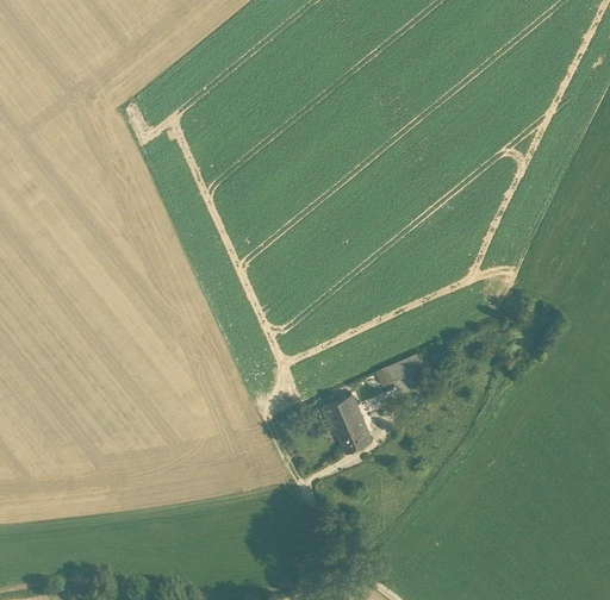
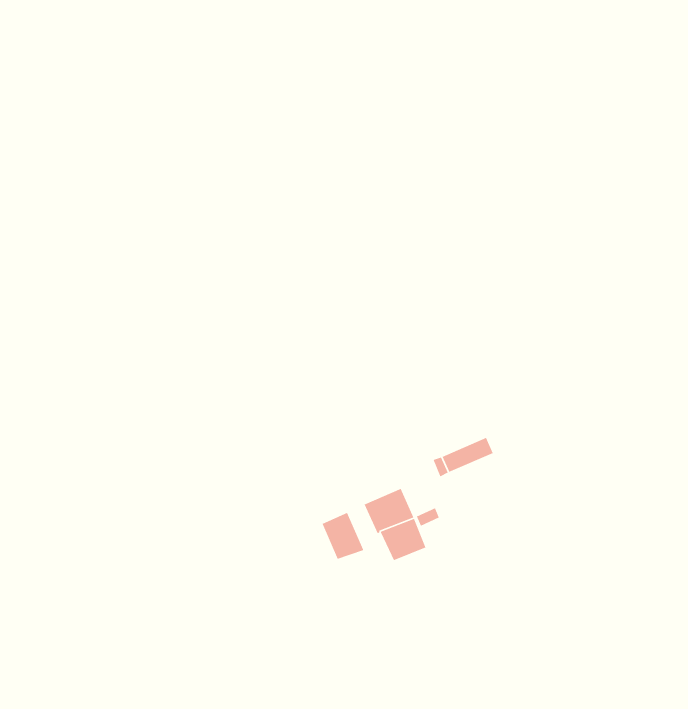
building: none -> [321,512,364,560]

